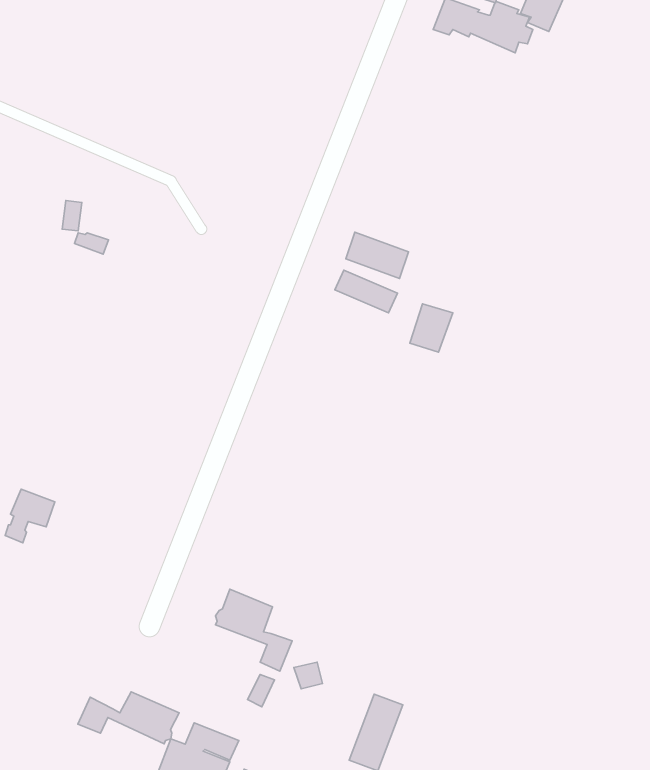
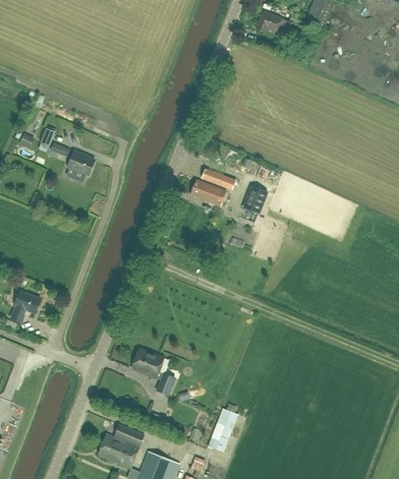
building: [346,232,408,278] -> [189,180,225,206]
building: none -> [67,152,94,176]
building: [78,692,179,744] -> none

